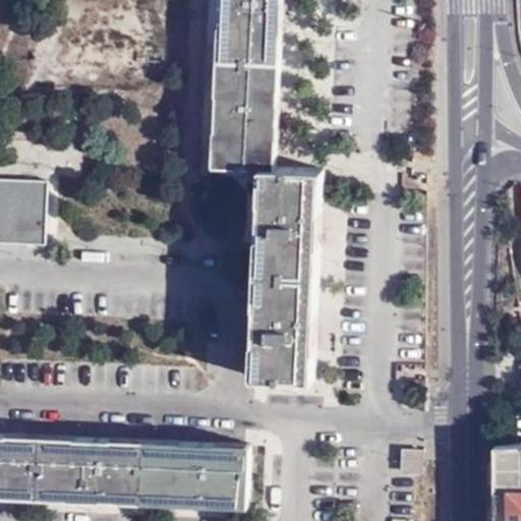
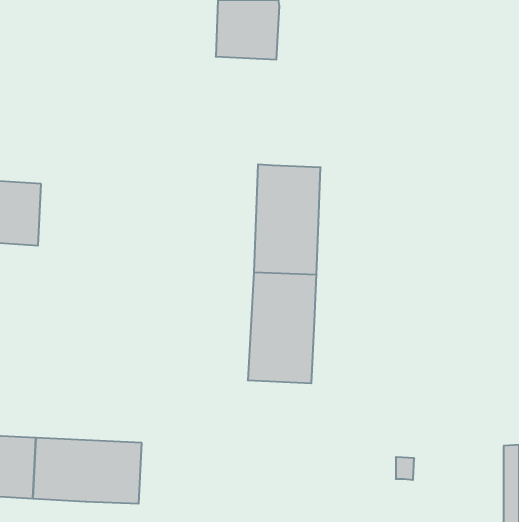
building: [210,59,274,167] -> none
building: [137,442,244,506] -> none

